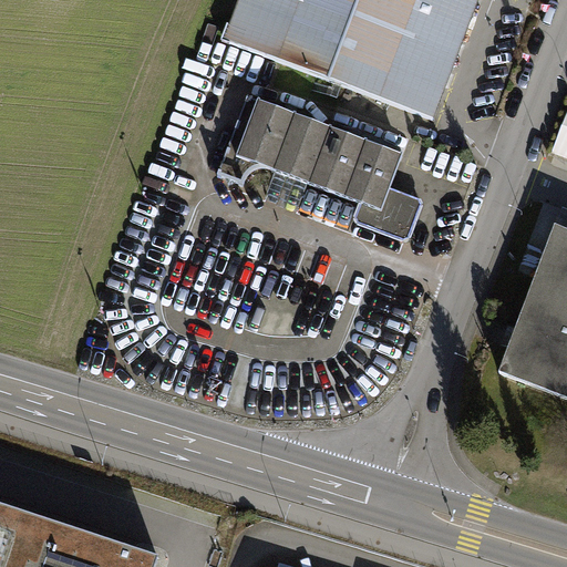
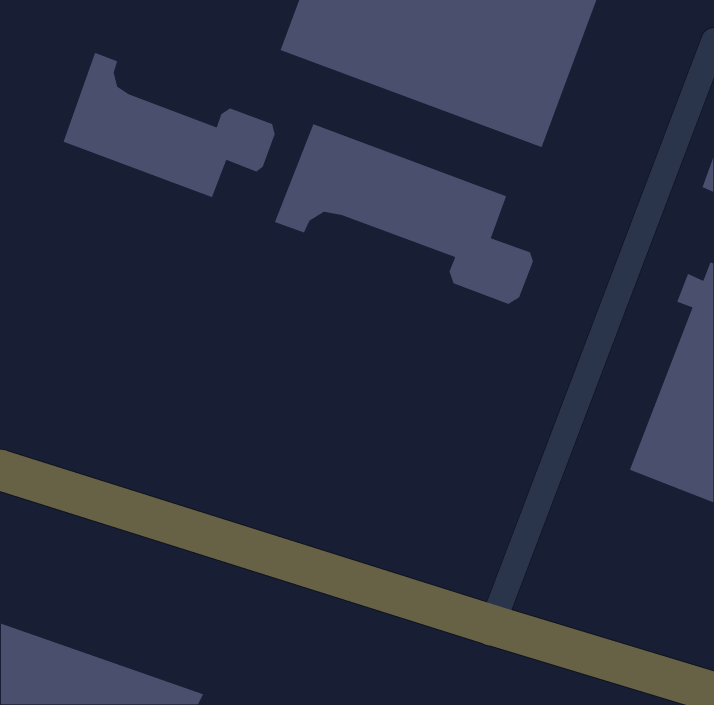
building: none -> [62,52,275,198]

